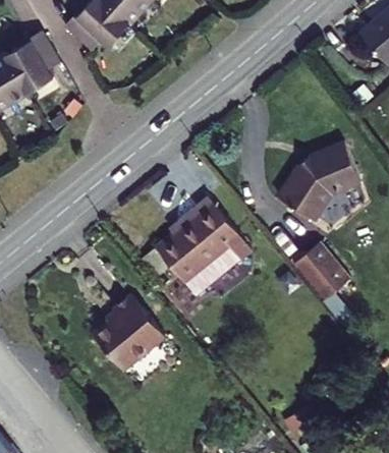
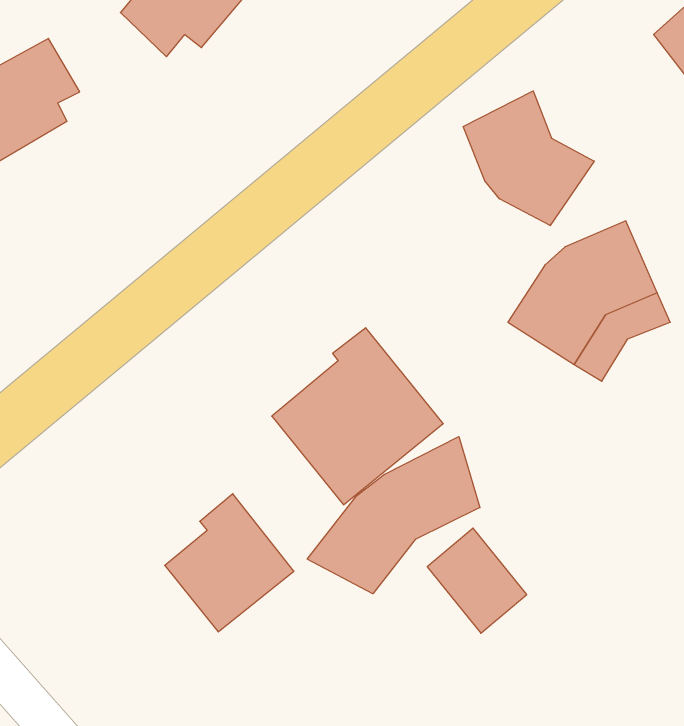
building: none -> [463,91,594,226]
building: [294,241,349,299] -> [427,528,527,633]
building: none -> [307,437,480,594]

